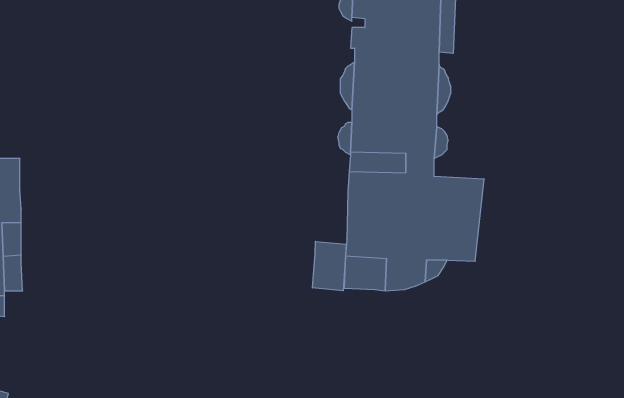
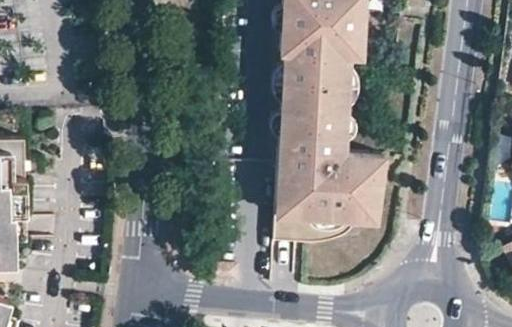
building: [312,241,346,291] -> none

